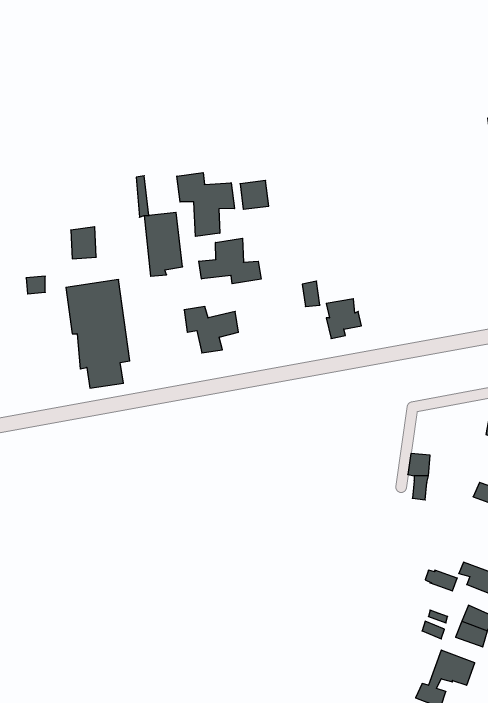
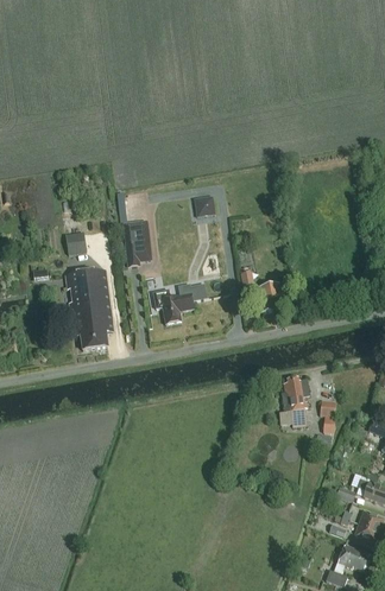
building: [177,173,234,236] -> none
building: [199,238,261,284] -> none
building: none -> [280,376,309,425]

